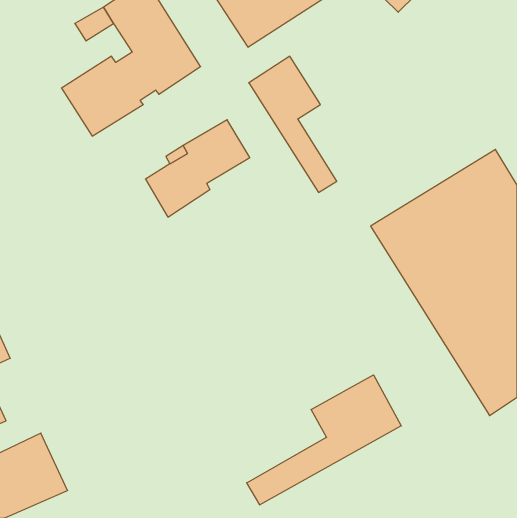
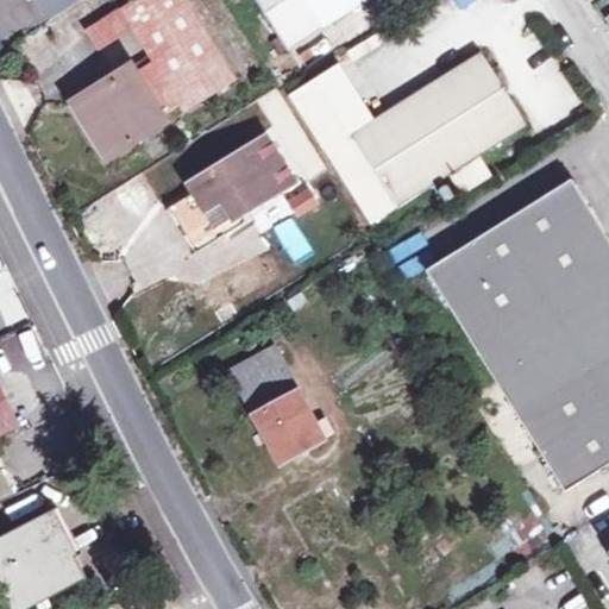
building: none -> [346,55,526,211]
building: none -> [227,343,321,458]
building: [247,375,401,505] -> none

